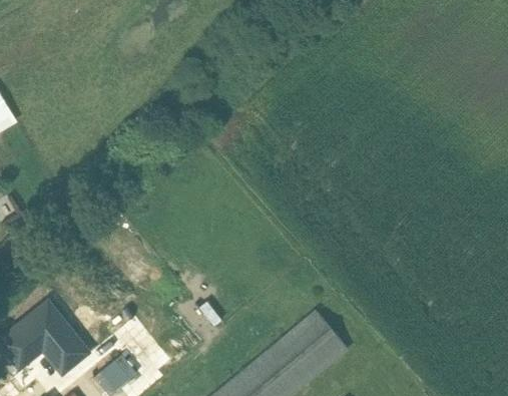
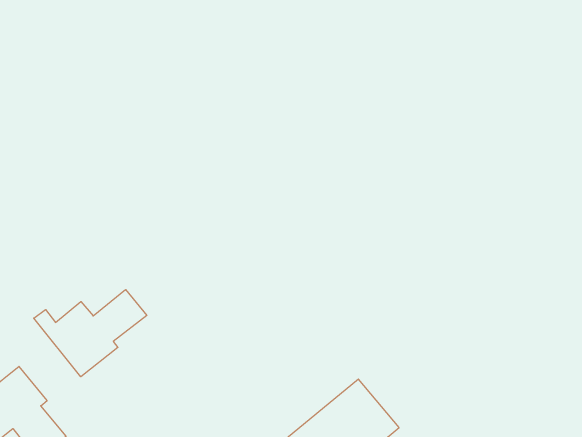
building: none -> [34,290,147,377]

